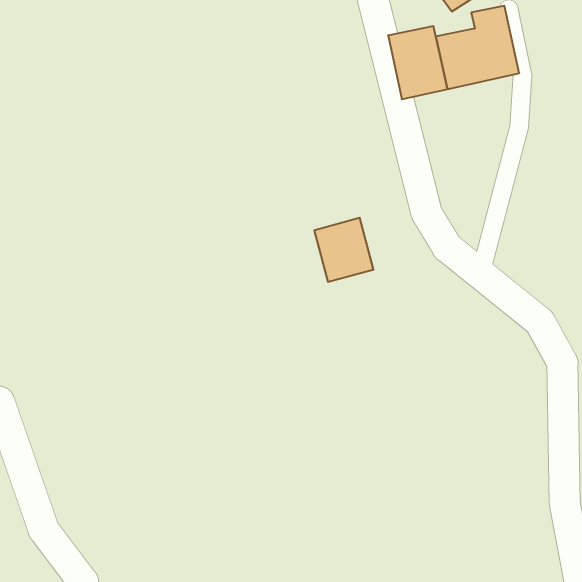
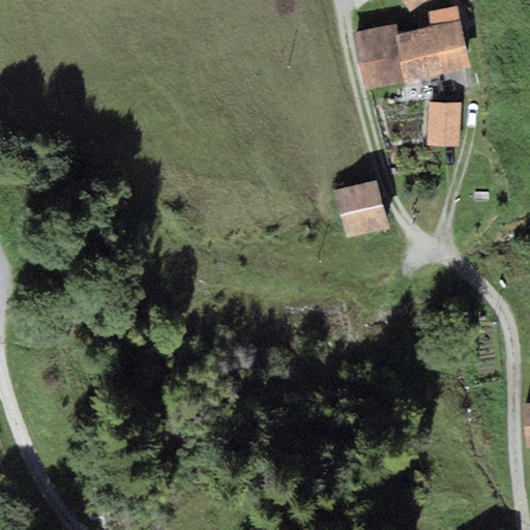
building: none -> [426,100,460,146]
building: [314,218,374,282] -> [334,179,388,237]

